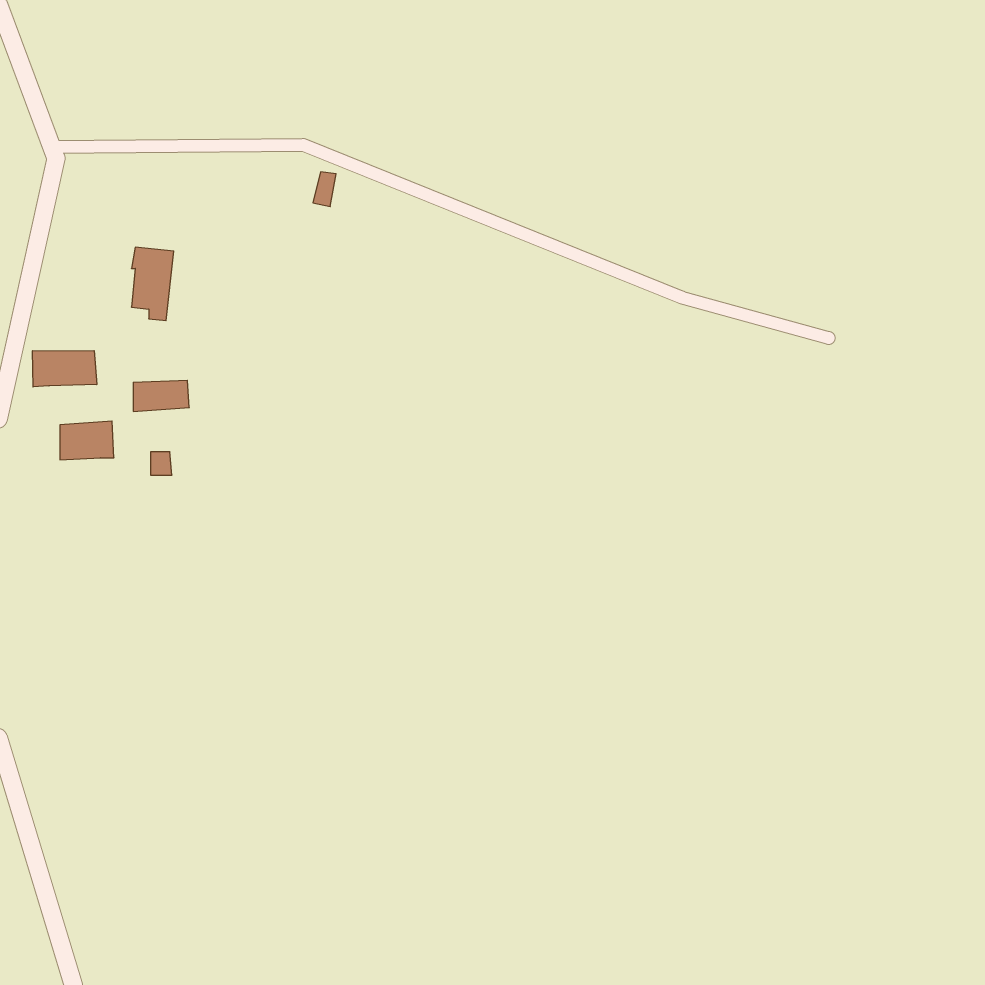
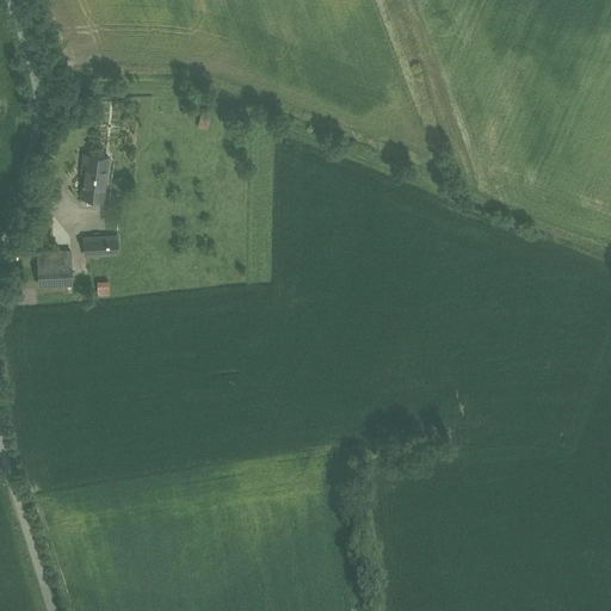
building: [33,351,97,387] -> none

